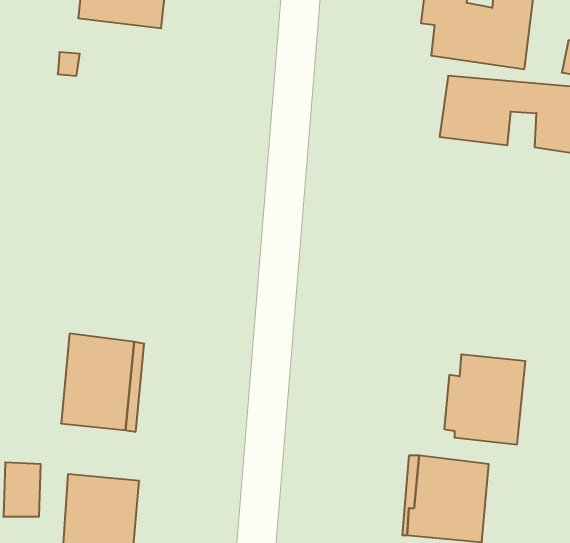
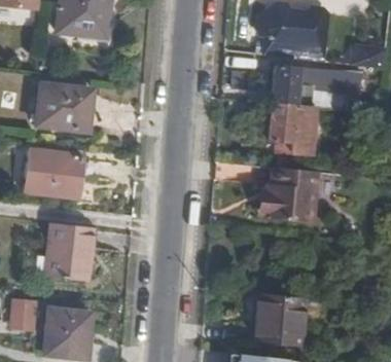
building: none -> [37,83,94,128]
building: none -> [270,102,318,152]
building: none -> [21,149,79,194]
building: [444,354,526,444] -> [264,168,314,222]

